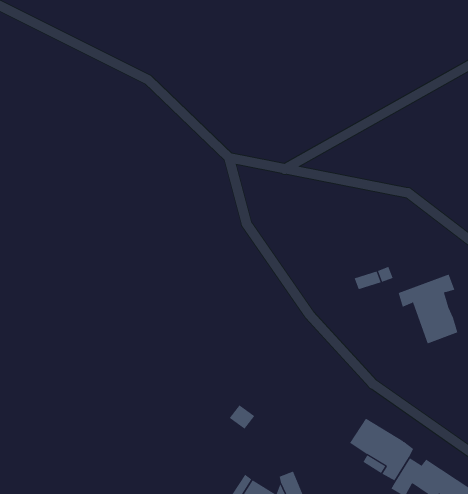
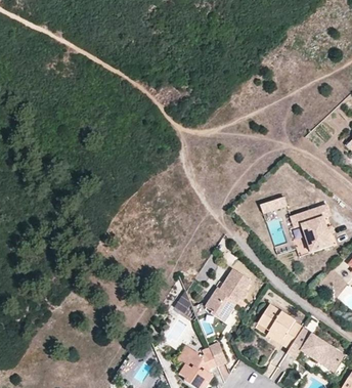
building: none -> [206,268,251,321]

